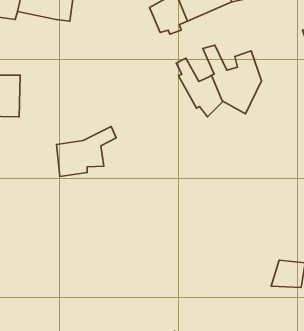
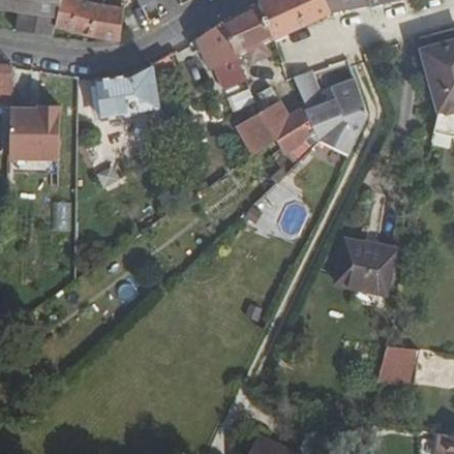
building: none -> [201,21,246,87]
building: none -> [236,109,277,154]
building: [56,127,116,177] -> [96,55,173,119]
building: none -> [335,237,396,293]

